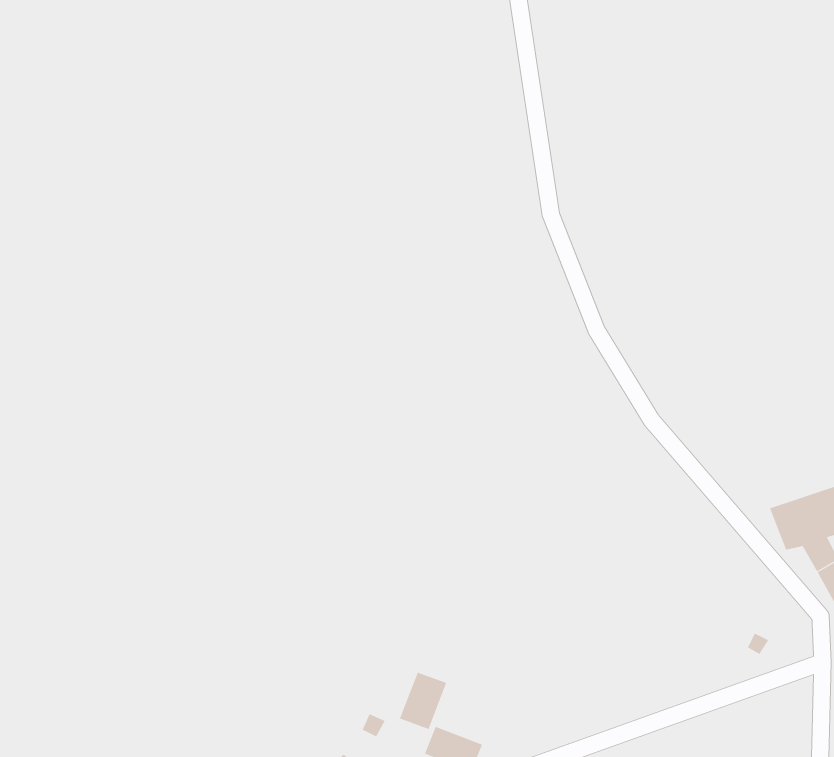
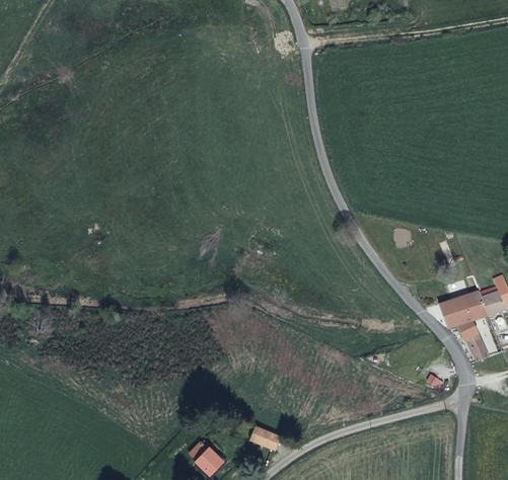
building: [399,672,447,730] -> none

